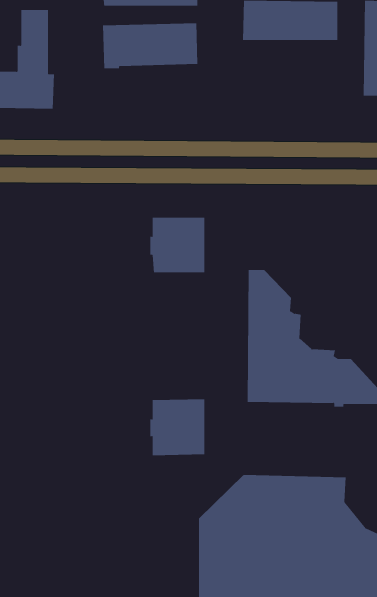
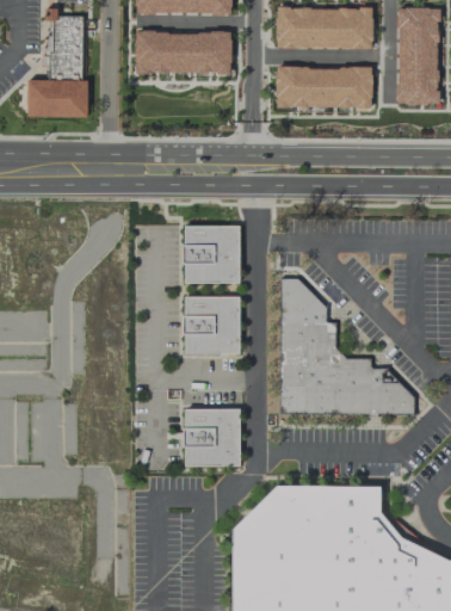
building: none -> [277,66,372,107]
building: none -> [185,296,241,353]

